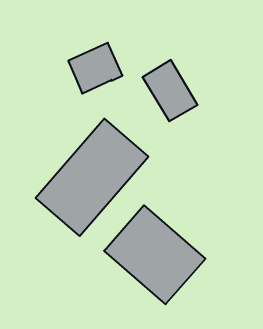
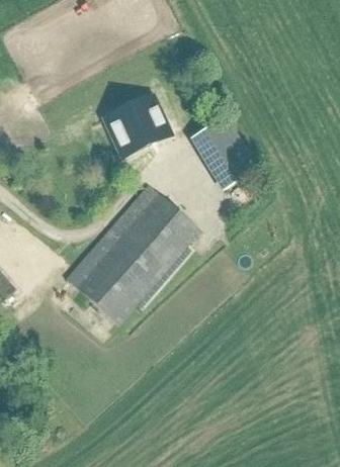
building: [104,205,205,304] -> none

